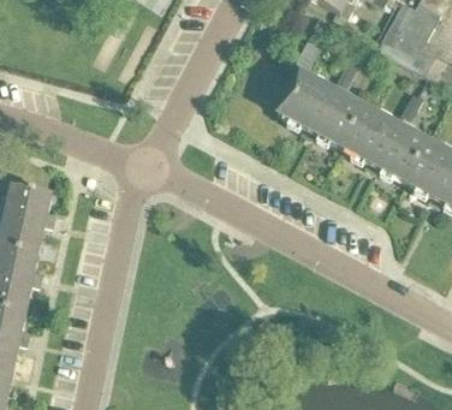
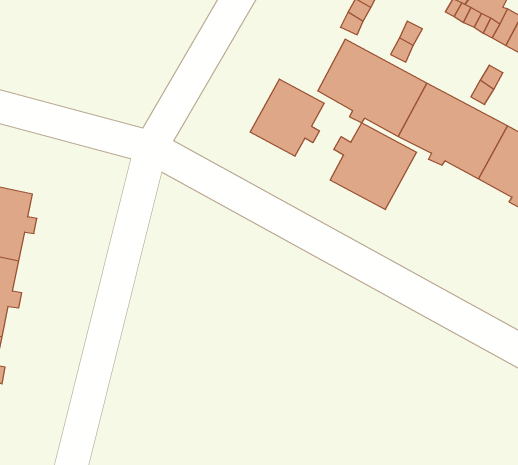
building: none -> [250,79,324,156]
building: none -> [330,123,417,210]

